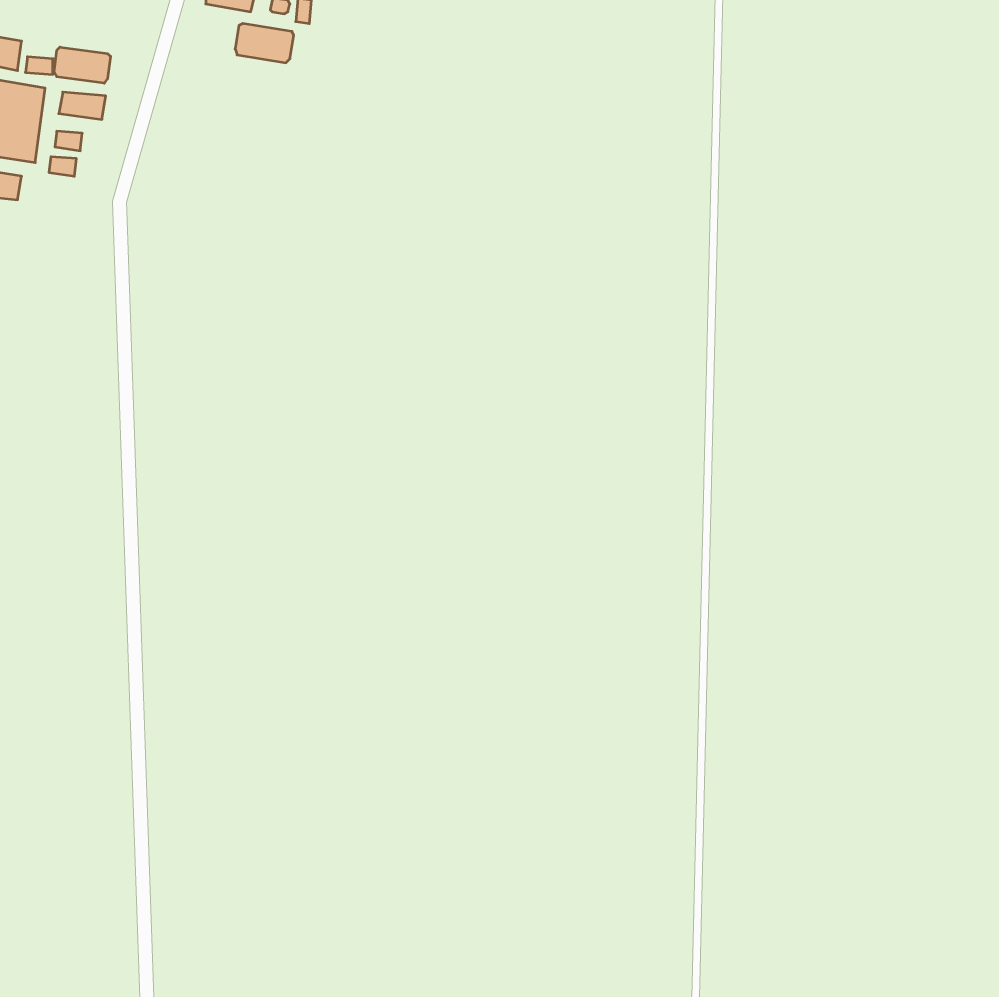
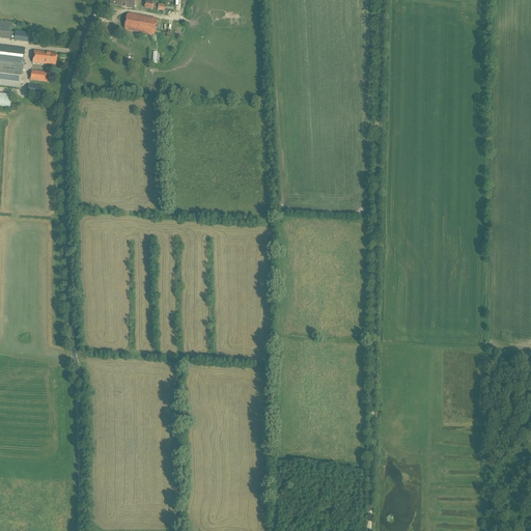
building: [54,47,111,83] -> none

